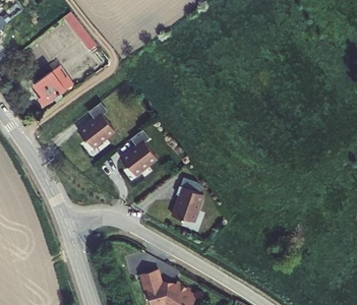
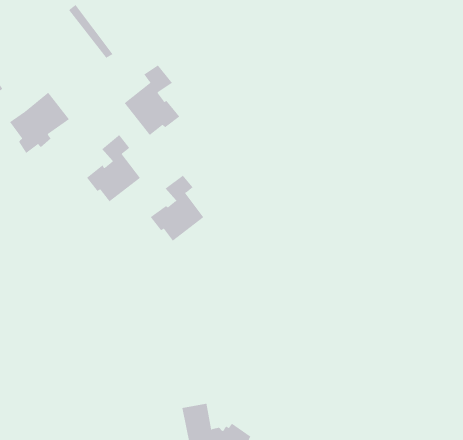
building: none -> [124,64,180,136]
building: [172,183,201,219] -> none

